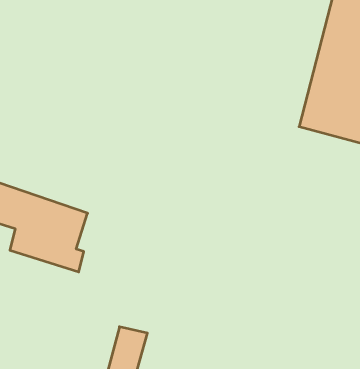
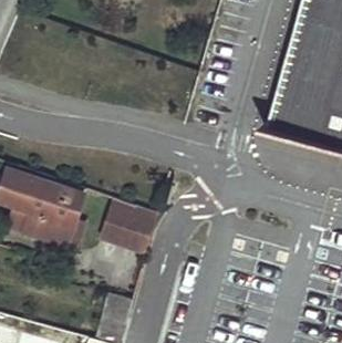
building: none -> [94,199,160,256]

